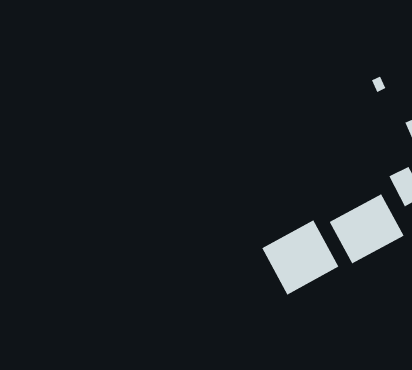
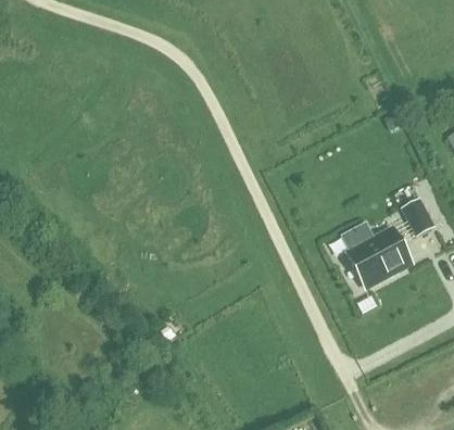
building: [261,220,339,295] -> none

